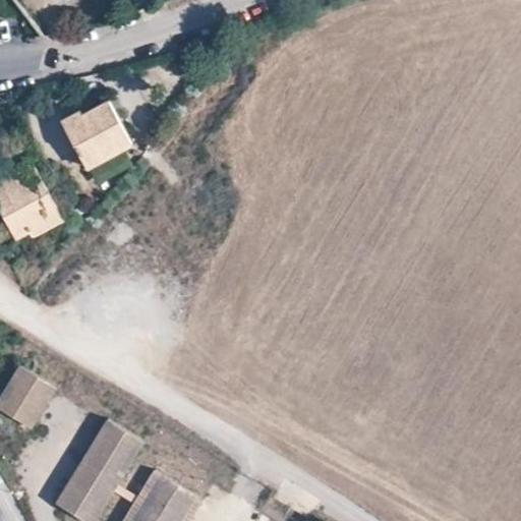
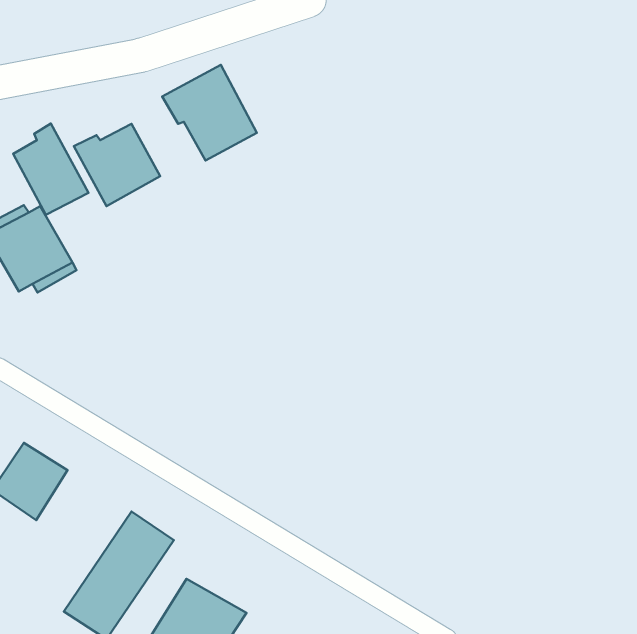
building: none -> [162,65,257,160]
building: none -> [13,123,89,215]

